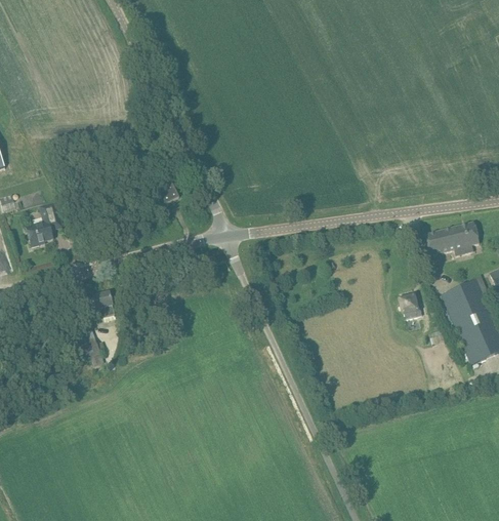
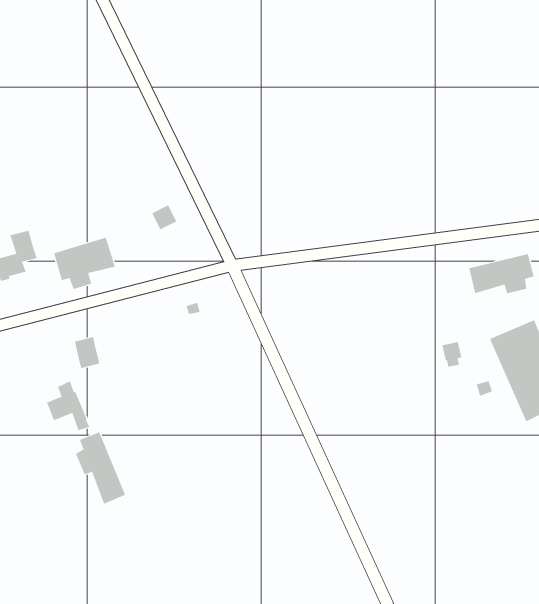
building: none -> [53,237,116,290]
building: none -> [75,432,126,504]

